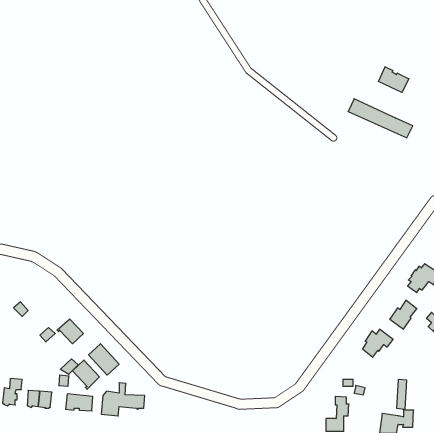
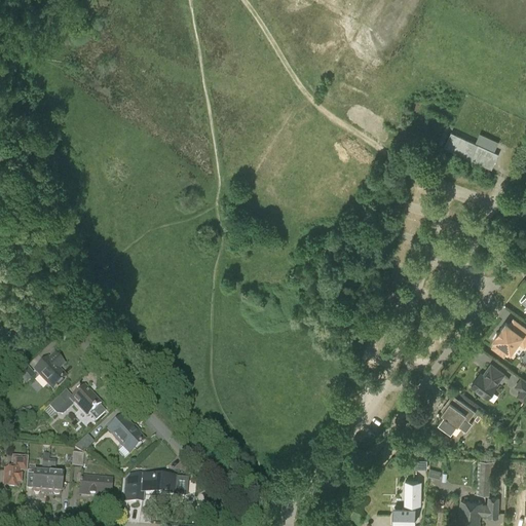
building: [379,67,409,92] -> none
building: none -> [36,353,67,387]
building: [73,360,99,389] -> none

